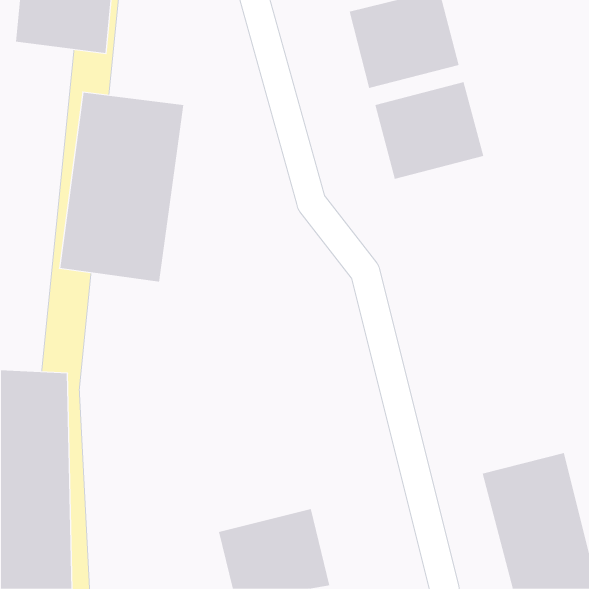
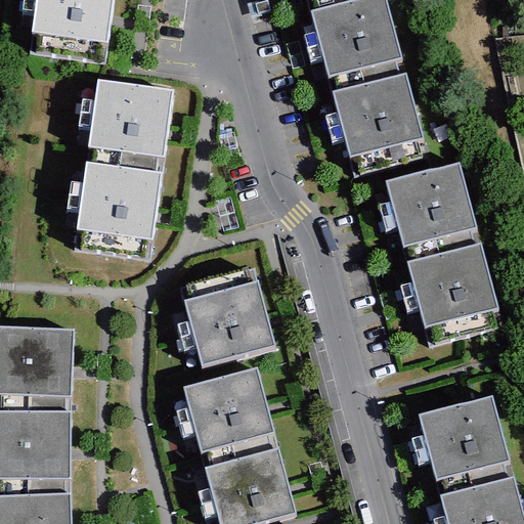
building: none -> [380,161,478,249]
building: none -> [404,244,501,329]
building: none -> [177,279,272,364]
building: none -> [177,368,273,453]

